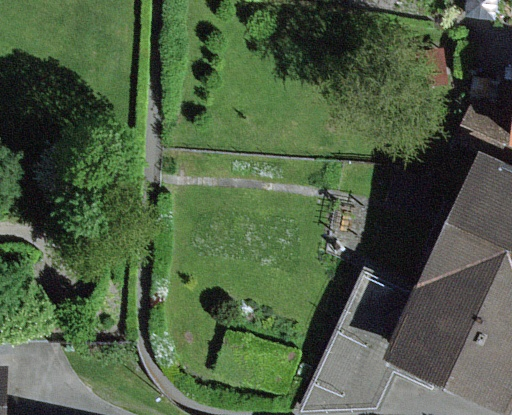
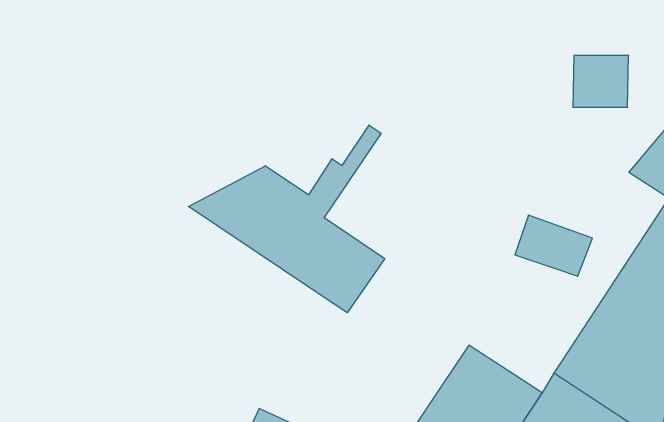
building: none -> [188,125,385,313]

